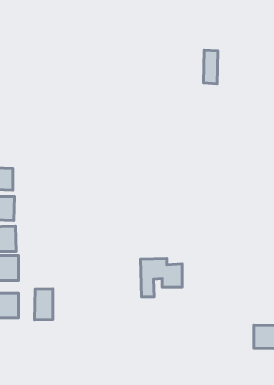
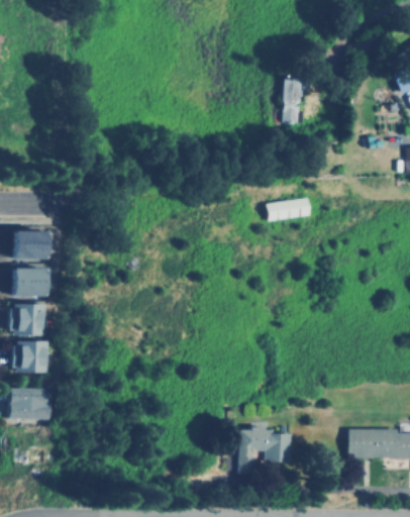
building: none -> [267,200,310,221]
building: [141,258,182,297] -> [239,425,292,474]
building: [35,289,53,320] -> none

